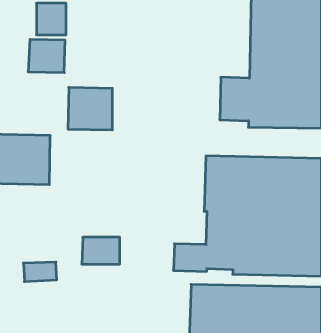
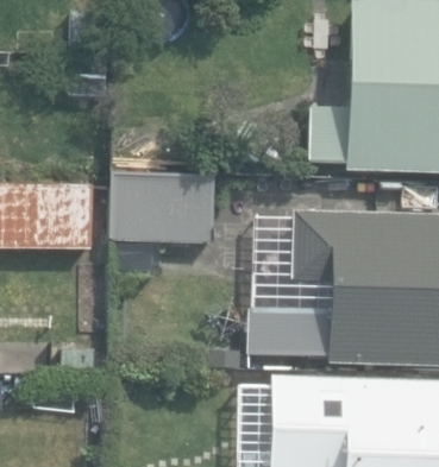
building: none -> [109,177,212,277]

